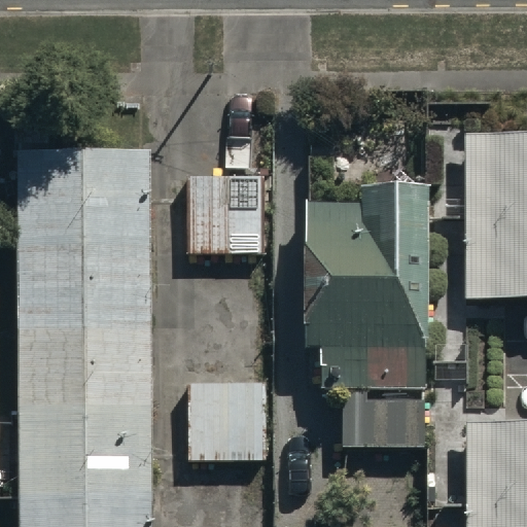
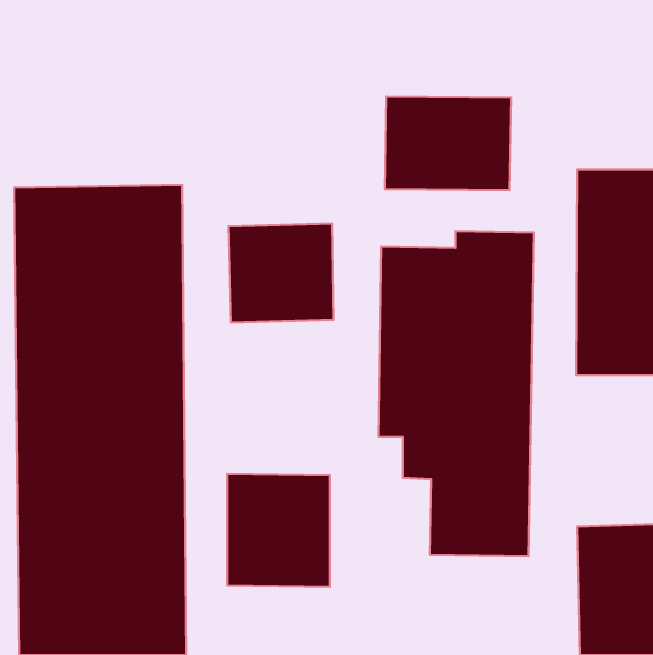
building: none -> [385,97,511,190]

